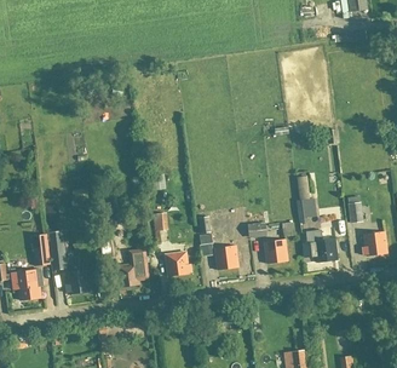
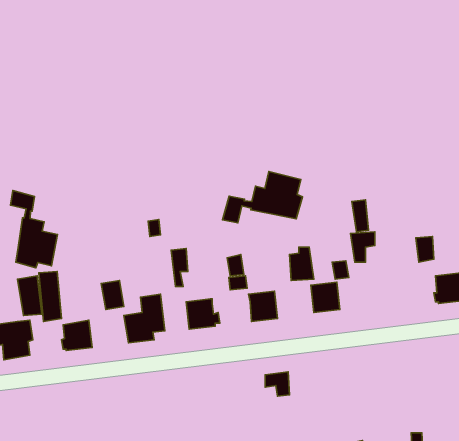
building: none -> [223,172,303,223]
building: none -> [11,191,58,268]
building: [304,229,336,261] -> none

